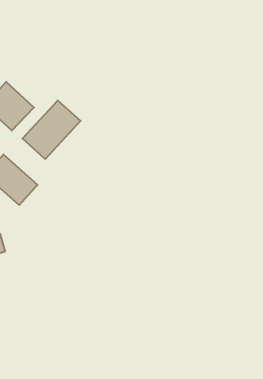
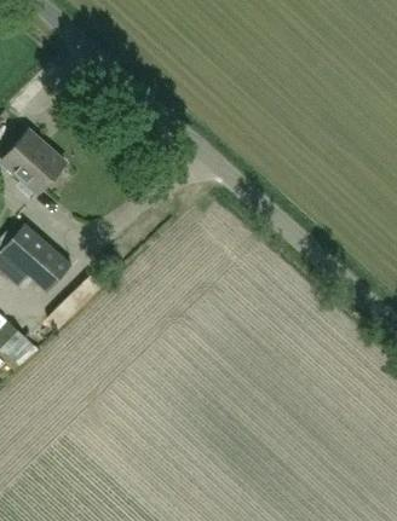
building: [22,100,81,159] -> none

